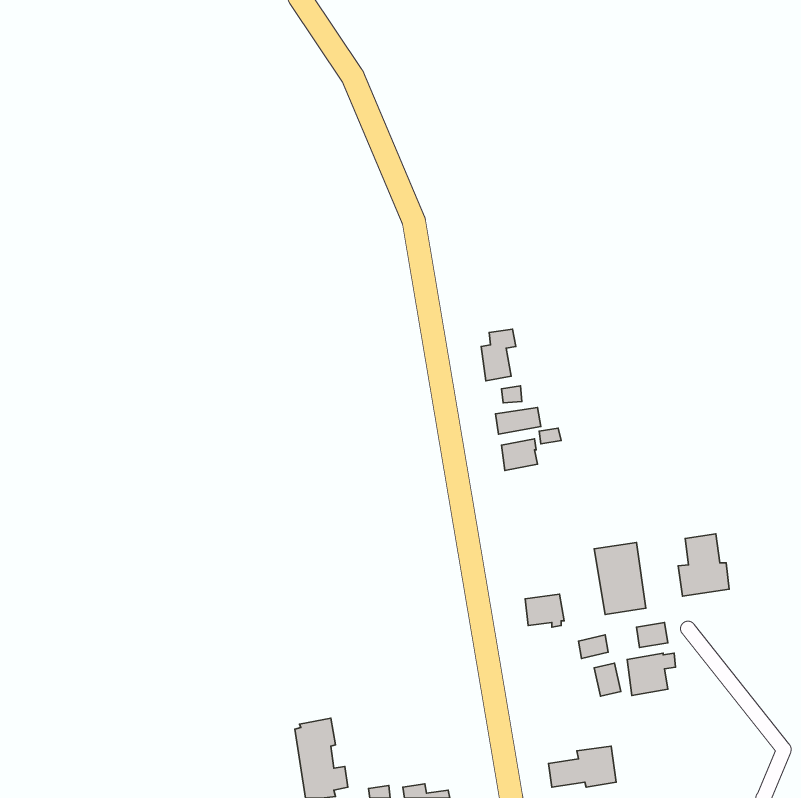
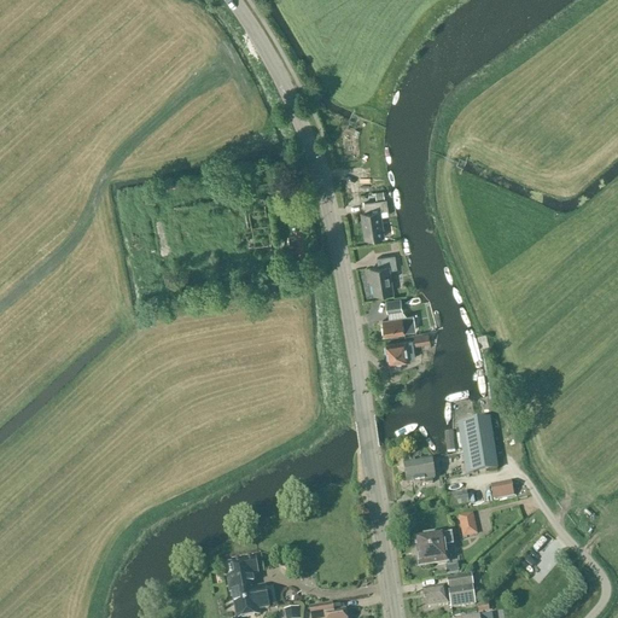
building: none -> [361,198,390,237]
building: [678,534,729,596] -> none
building: [627,653,676,696] -> [415,532,453,565]

